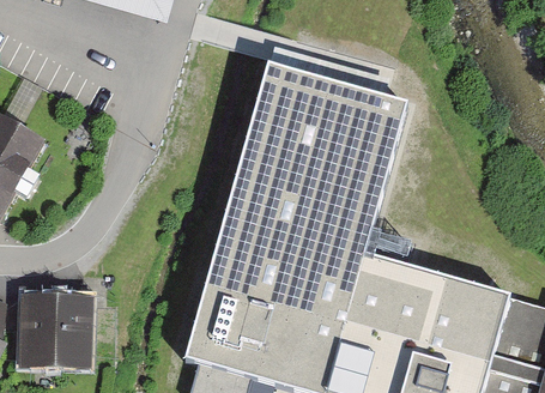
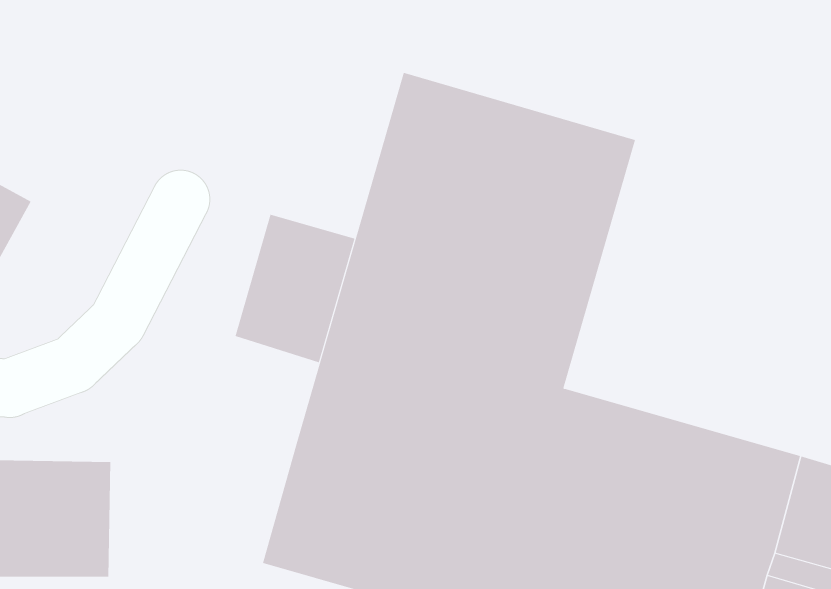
building: none -> [235,214,355,363]

